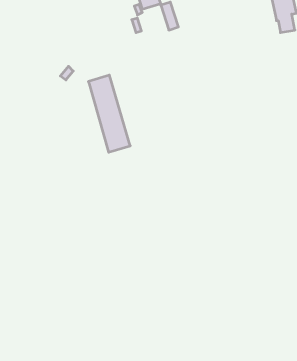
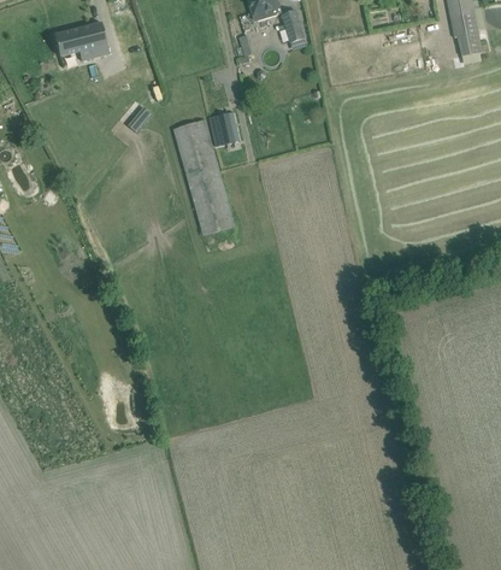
building: none -> [53,22,108,60]
building: none -> [208,112,238,145]

